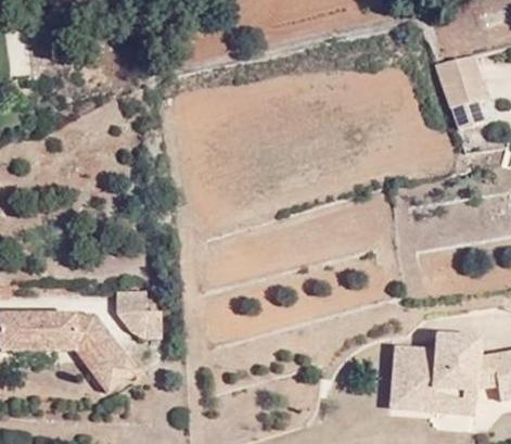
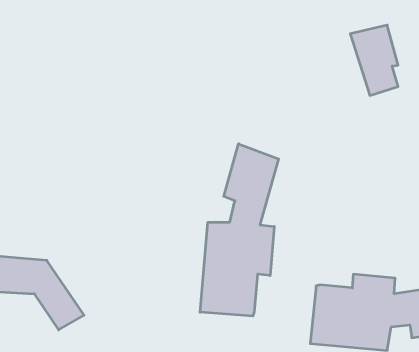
building: none -> [200,144,279,316]
building: [117,289,163,339] -> none

